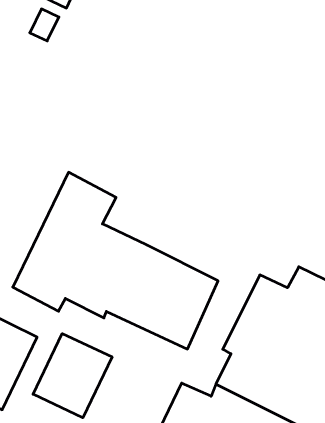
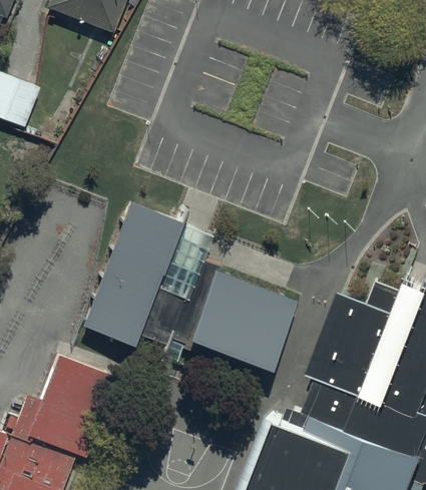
building: [33,334,112,418] -> none

